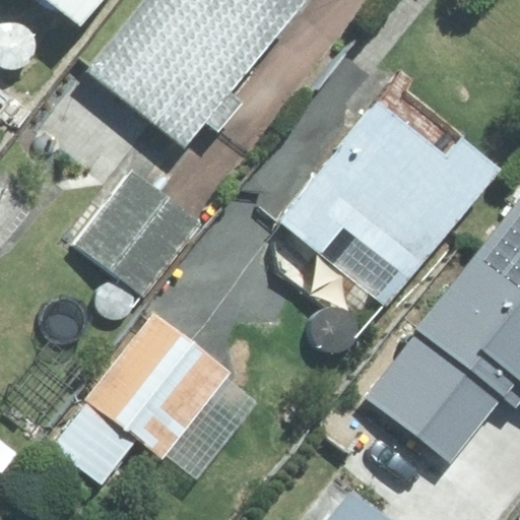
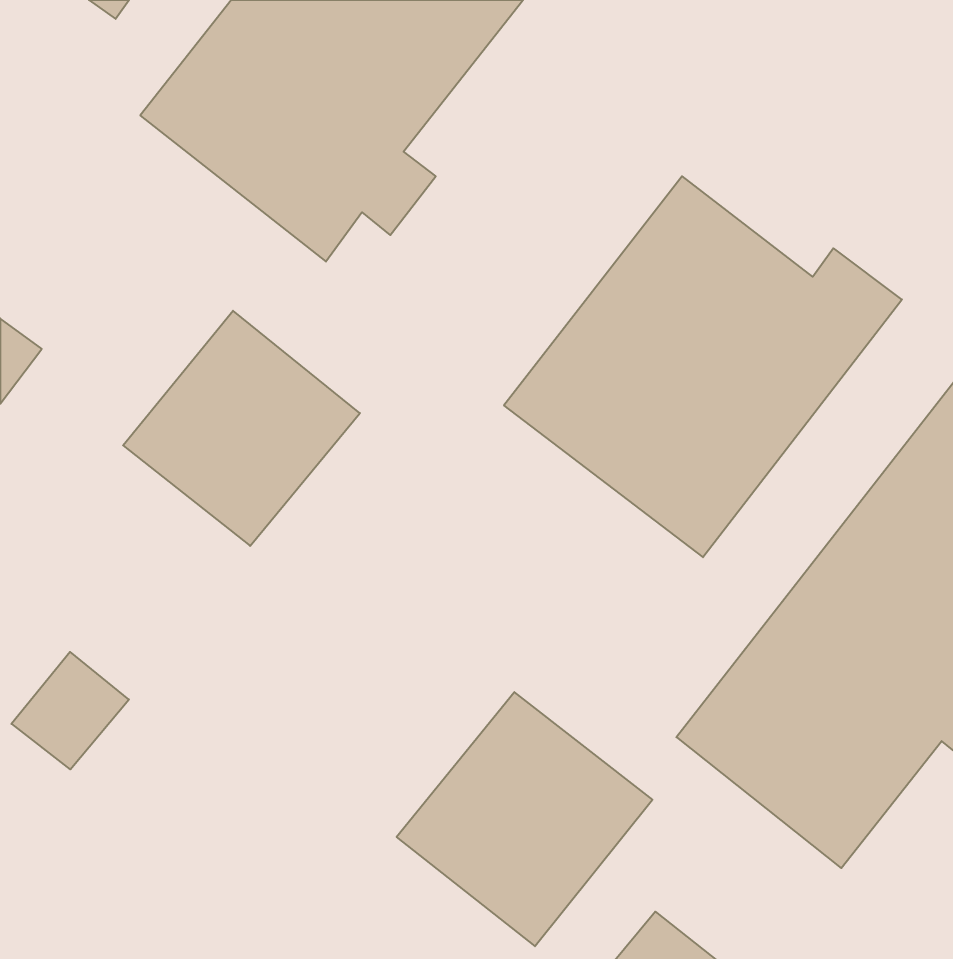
building: [54,312,230,483] -> none
building: none -> [397,692,652,946]

